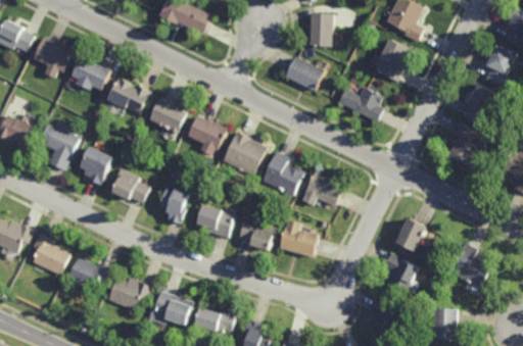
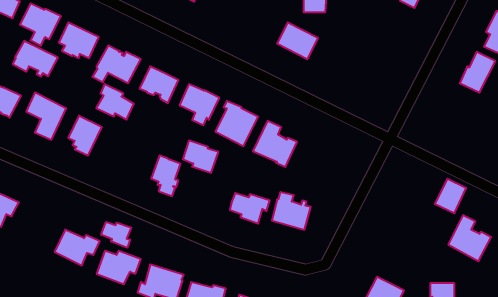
building: [373,38,412,81] -> none
building: none -> [13,41,58,77]
building: [337,86,383,121] -> none
building: [447,121,481,165] -> none
building: [112,168,149,203] -> [96,84,134,120]
building: [300,171,342,206] -> none
building: [198,205,233,237] -> [183,140,218,173]
building: [394,218,425,252] -> [435,179,466,213]
building: [31,234,68,276] -> none
building: none -> [101,222,131,248]
building: [384,254,417,291] -> none

